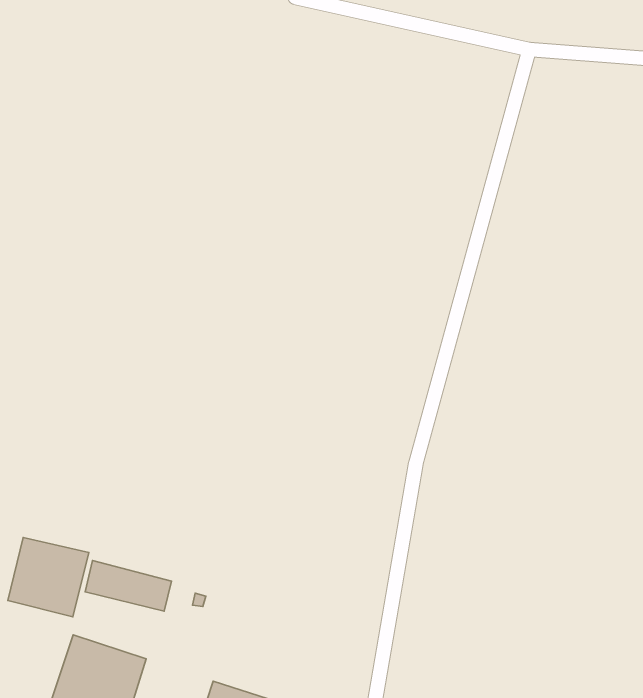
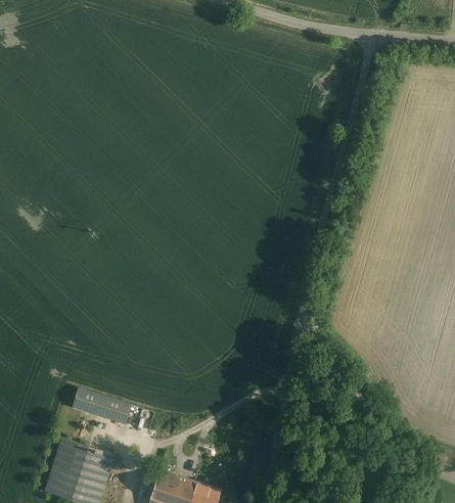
building: [8,537,89,617] -> none

